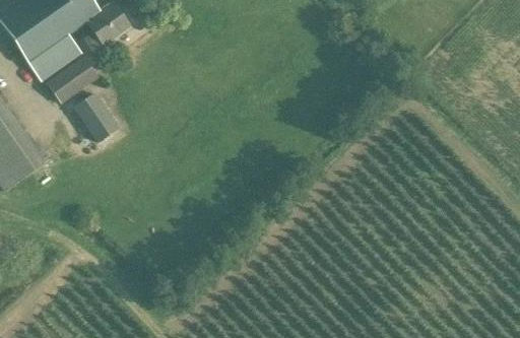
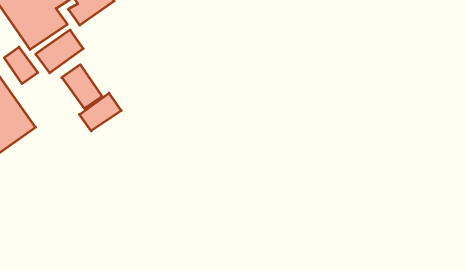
building: none -> [4,47,38,84]
building: none -> [79,93,121,131]

